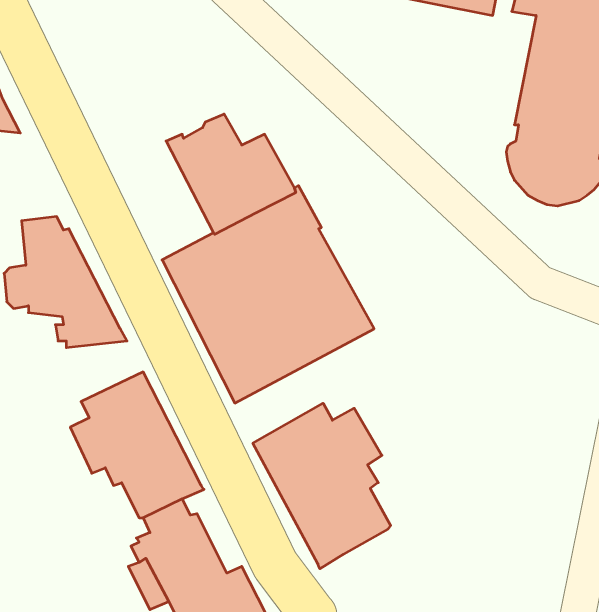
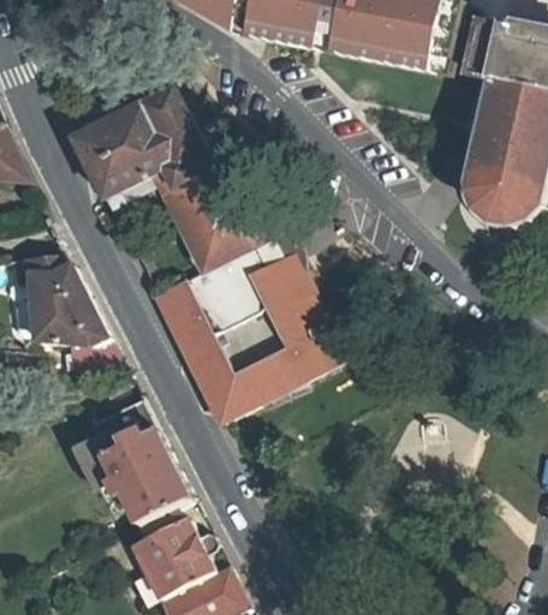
building: none -> [71,83,208,207]
building: [253,403,391,569] -> none

